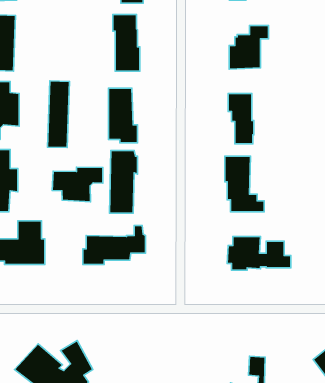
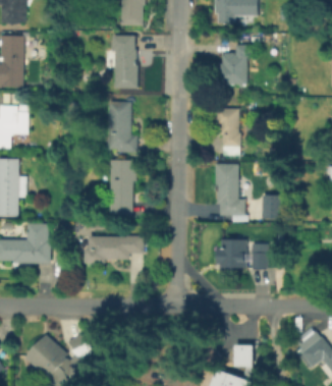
building: [47,81,70,148] -> none
building: [52,167,103,202] -> none
building: none -> [258,195,278,218]

